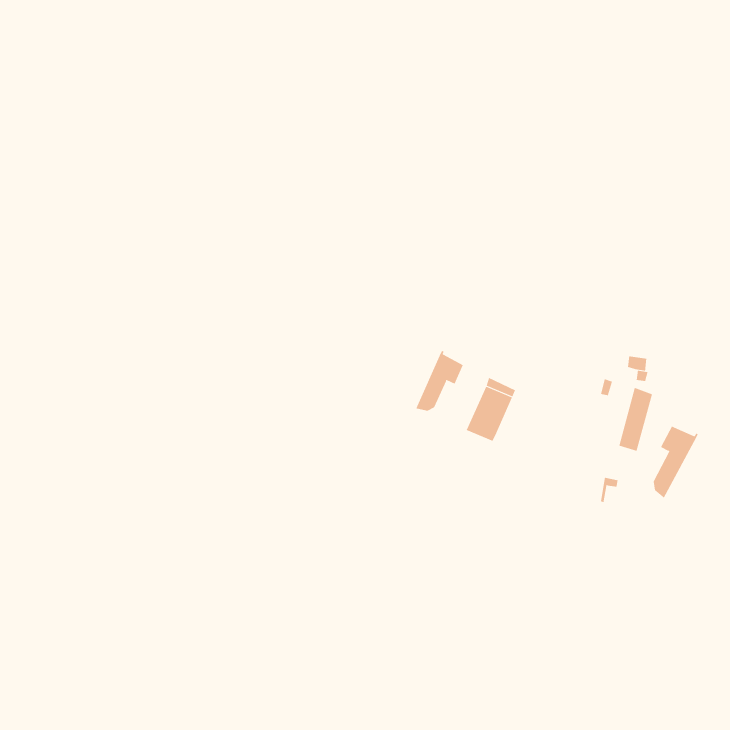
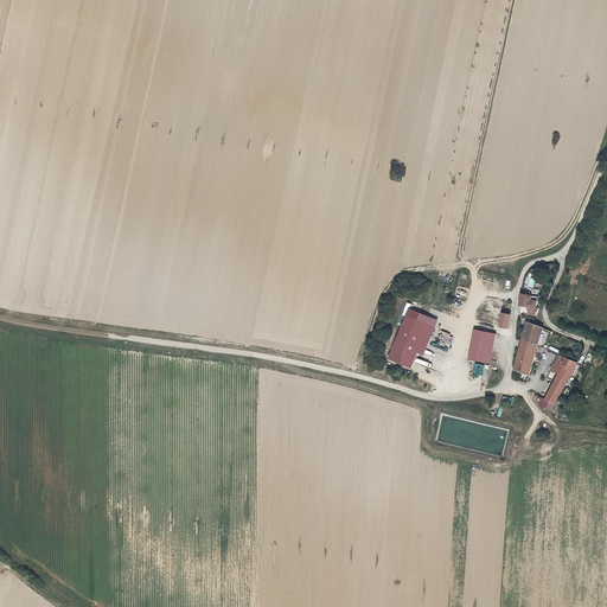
building: [416,350,464,412] -> none
building: none -> [468,330,493,363]

